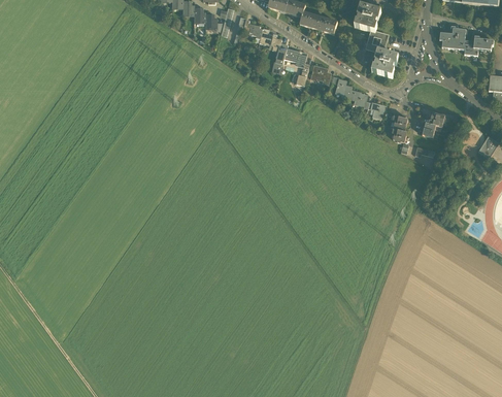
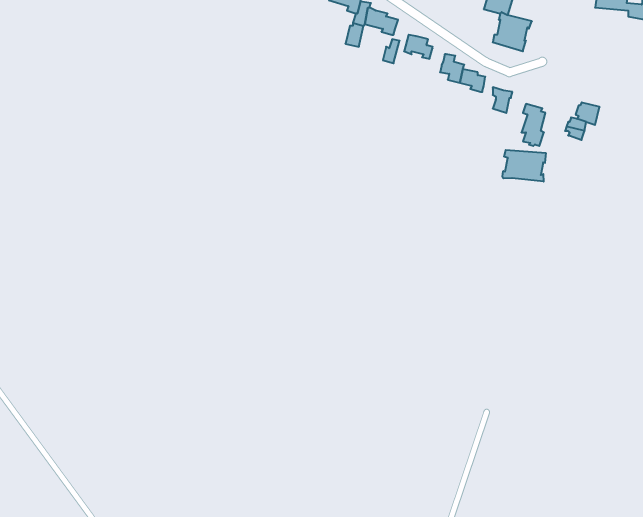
building: none -> [502,150,546,182]

